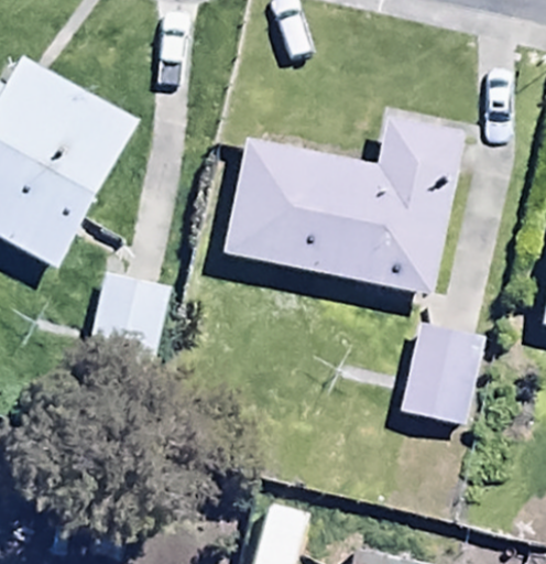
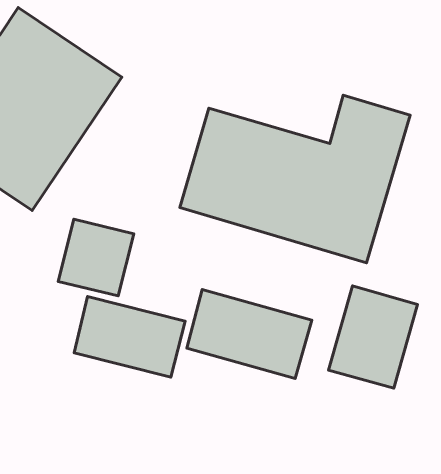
building: none -> [187,290,312,378]
building: none -> [74,297,185,377]

